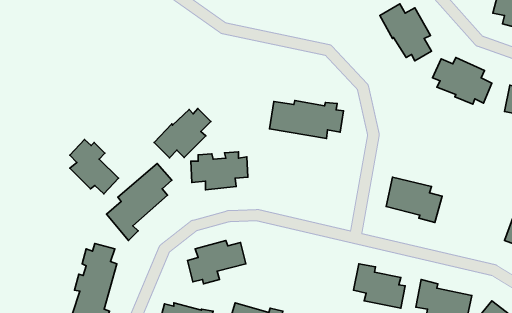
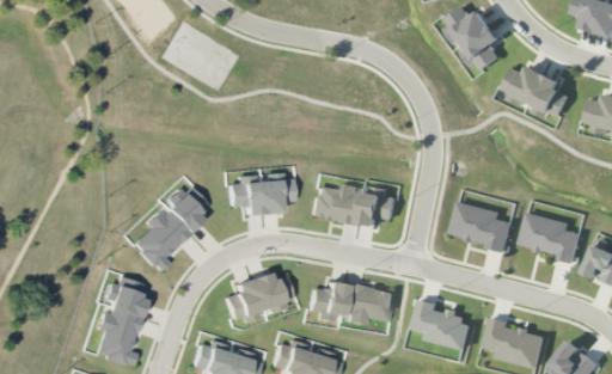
building: [270,100,343,138] -> [311,184,394,227]
building: [154,109,211,158] -> none
building: [70,140,119,194] -> none
building: none -> [516,213,580,263]
building: none -> [307,280,392,323]

